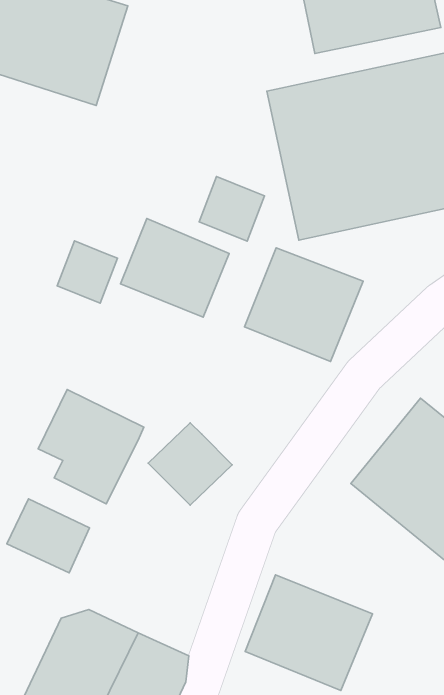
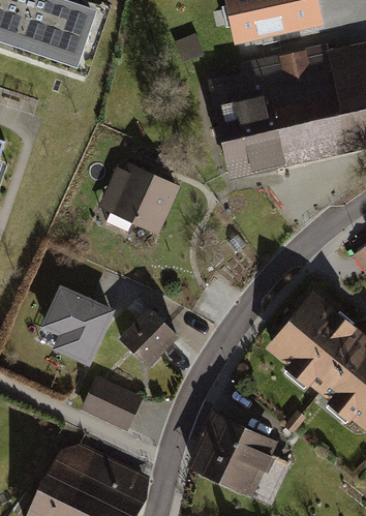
building: [199,177,264,241] -> none
building: [57,241,118,303] -> none
building: [245,248,363,361] -> none
building: [7,499,89,573] -> [81,375,140,428]

